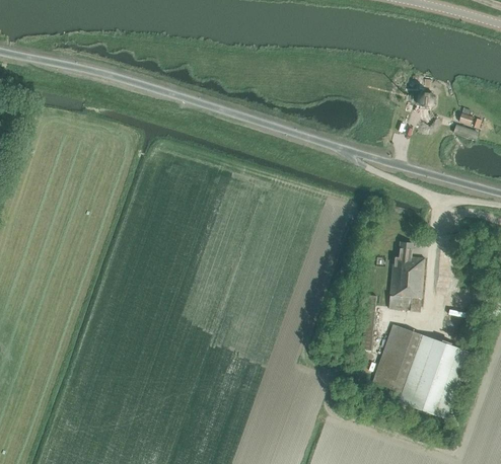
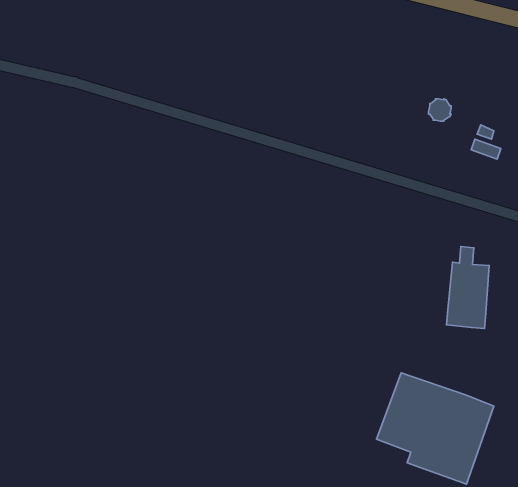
building: [387,241,424,311] -> [447,247,489,329]

